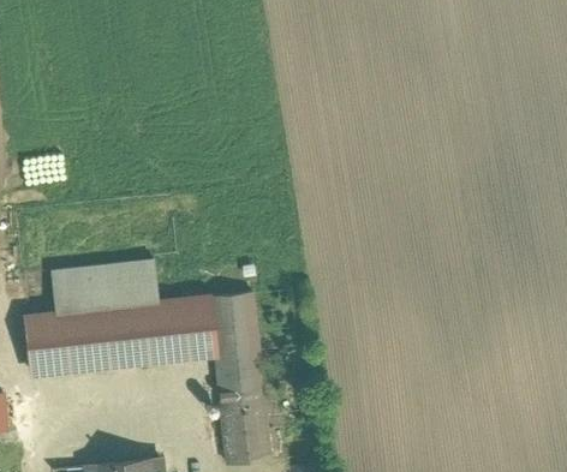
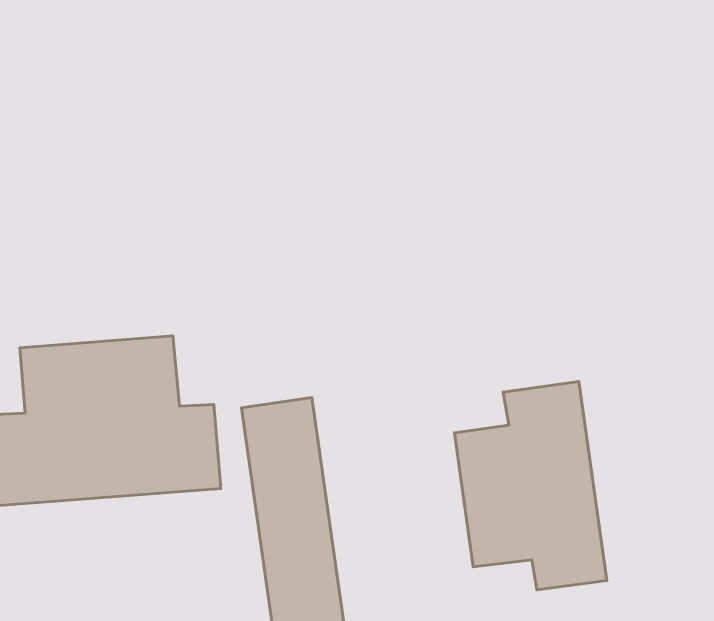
building: none -> [454,382,607,590]

